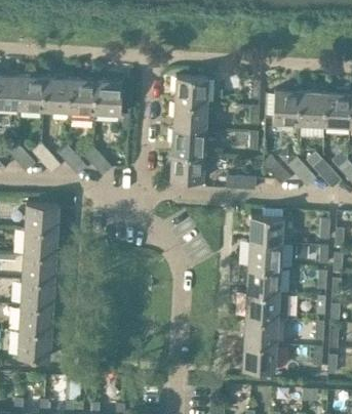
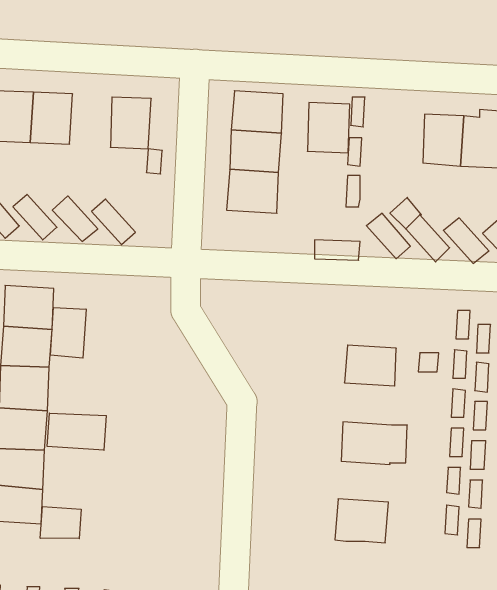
building: [69,79,96,123] -> none
building: [273,91,301,124] -> [307,103,350,153]
building: [170,155,204,181] -> none
building: [250,216,283,245] -> none
building: none -> [51,308,86,358]
building: [247,267,281,295] -> none
building: none -> [47,413,106,450]
building: [244,319,278,345] -> none
building: none -> [40,506,81,539]

